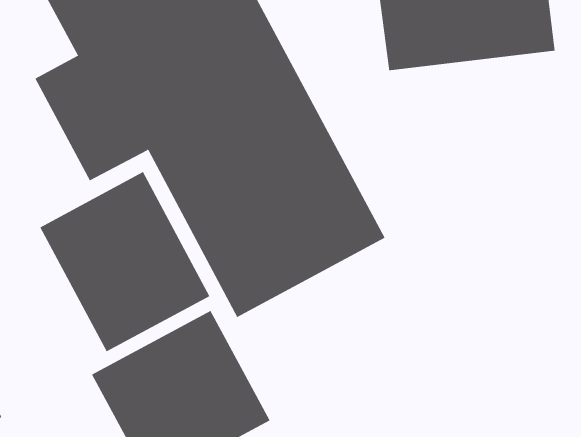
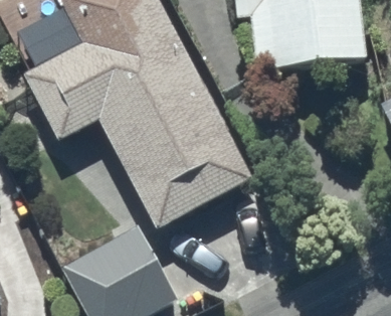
building: [39,171,210,352] -> none

